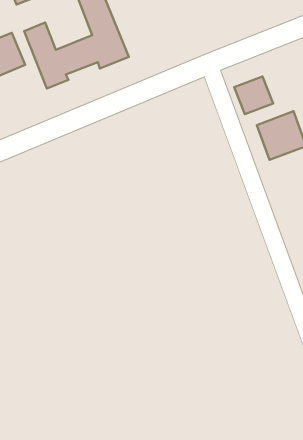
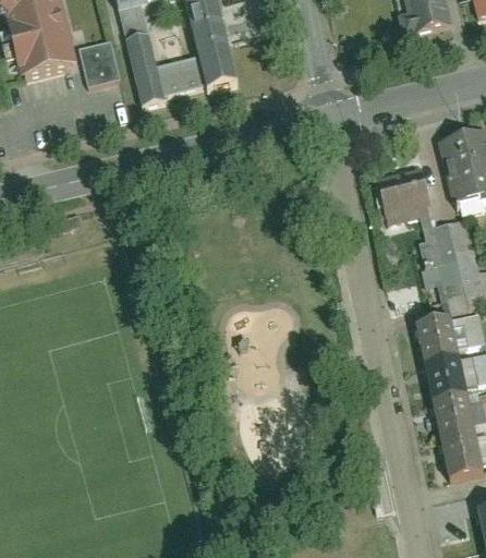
building: [234,76,273,114] -> none

